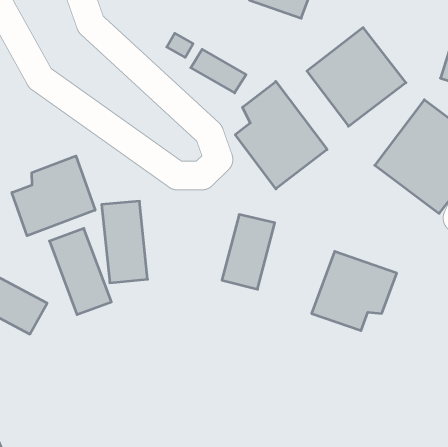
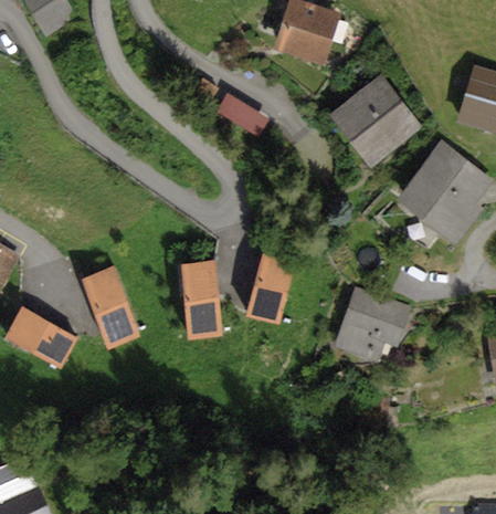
building: [235,81,327,189] -> none
building: [12,156,95,236] -> none
building: [102,201,148,283] -> [179,260,223,338]

